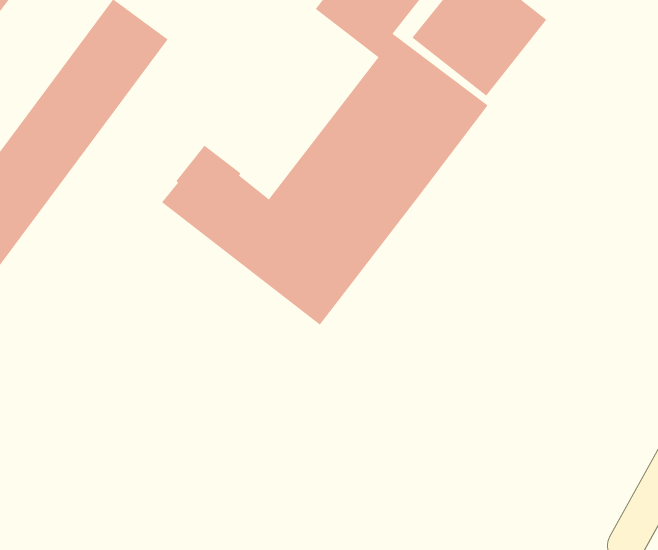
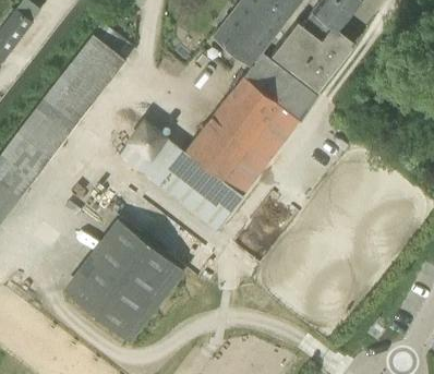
building: none -> [60,219,184,343]

